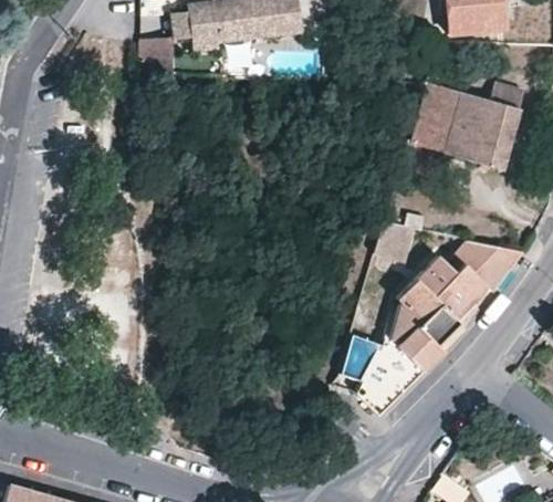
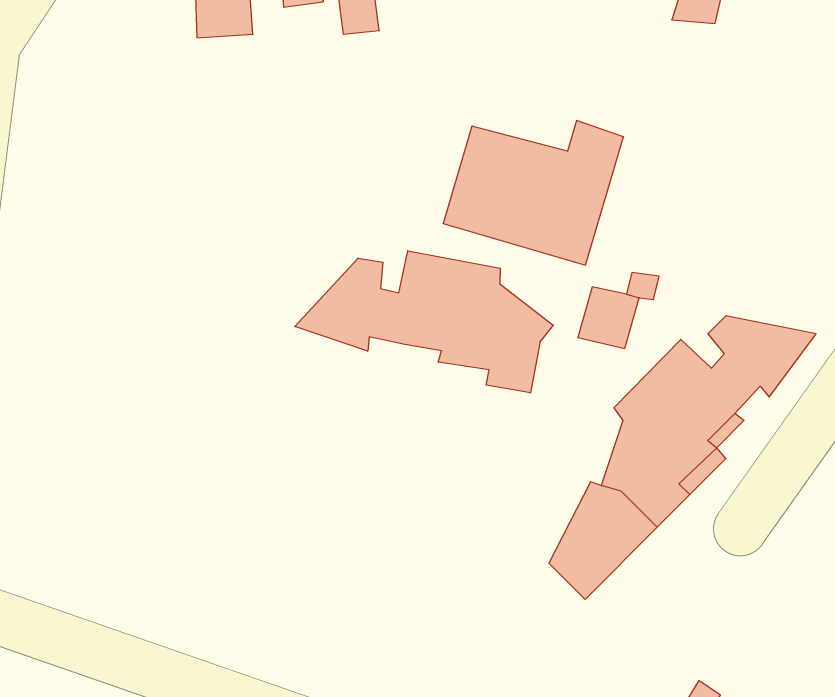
building: [411,80,522,168] -> [443,121,624,265]
building: none -> [295,251,553,393]

